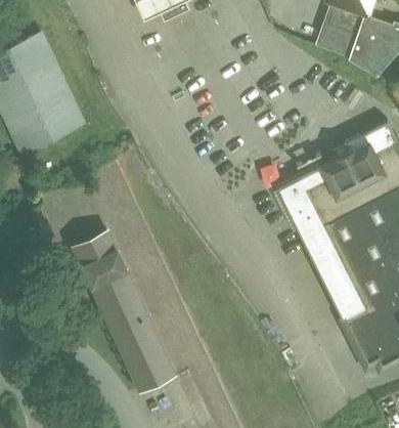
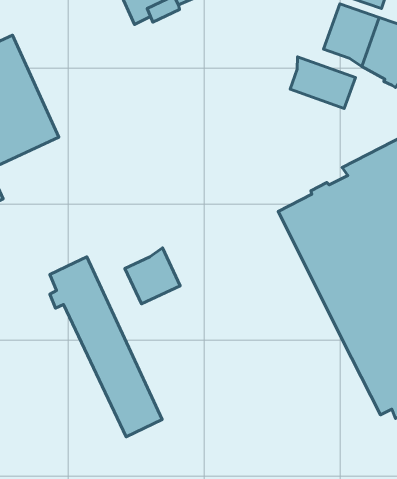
building: none -> [290,57,355,108]
building: none -> [125,248,180,304]

